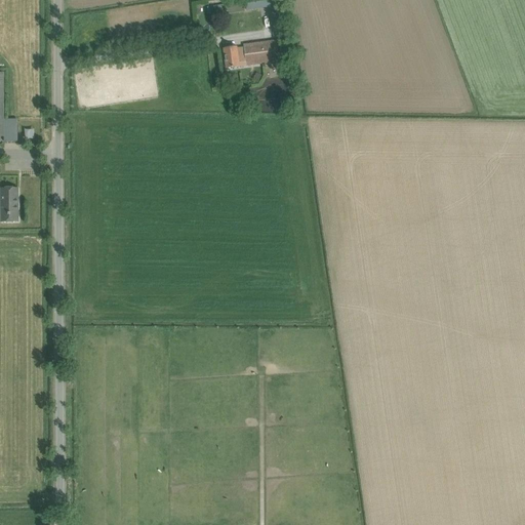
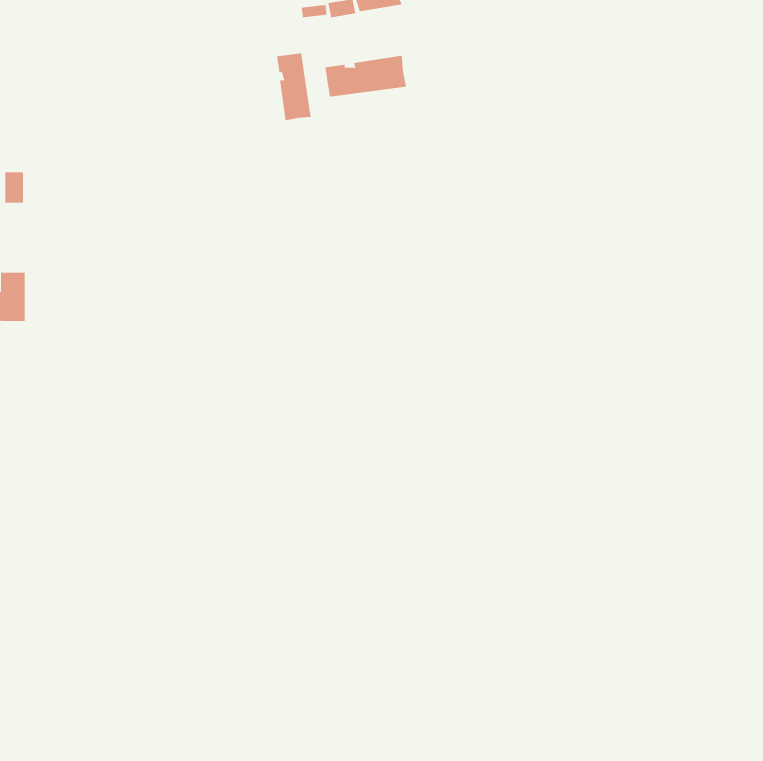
building: none -> [277,52,311,121]

